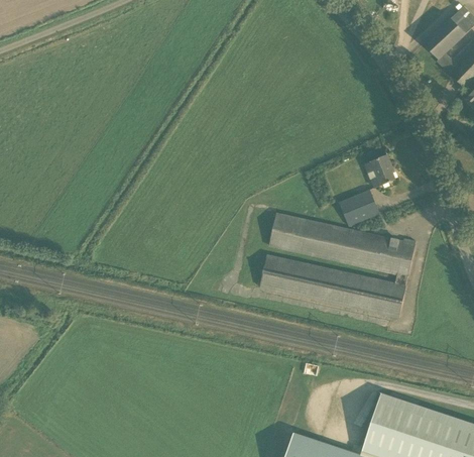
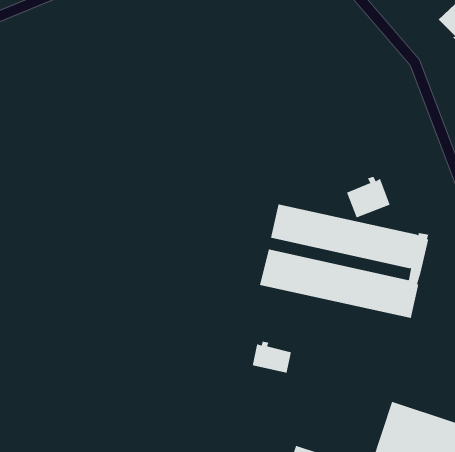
building: [363,154,394,188] -> none
building: none -> [252,341,292,373]

